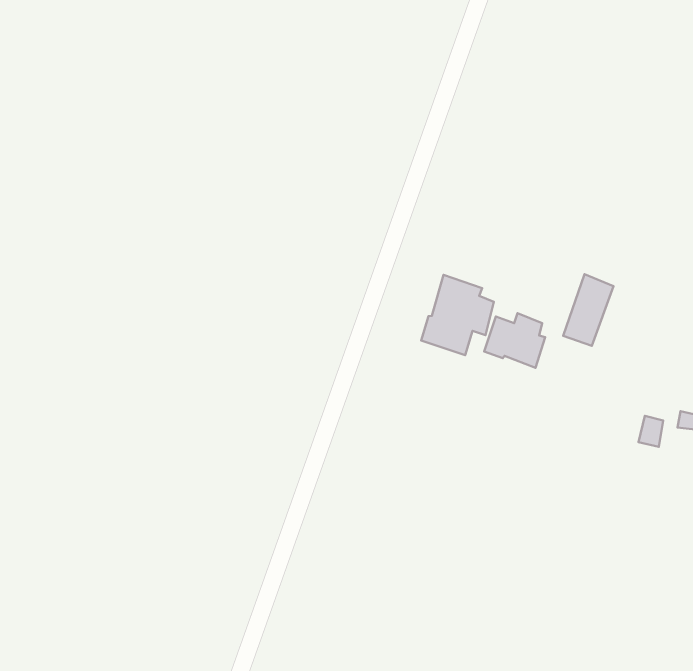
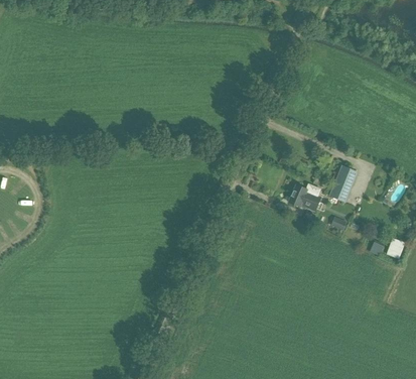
building: [421,275,494,355] -> none

